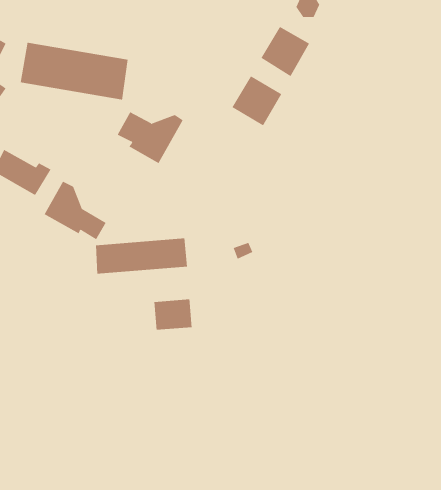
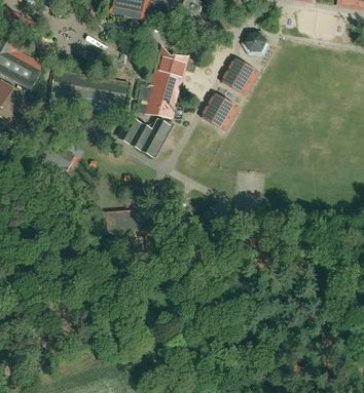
building: none -> [136,48,198,119]
building: [44,181,107,240] -> none
building: [154,299,192,331] -> none

